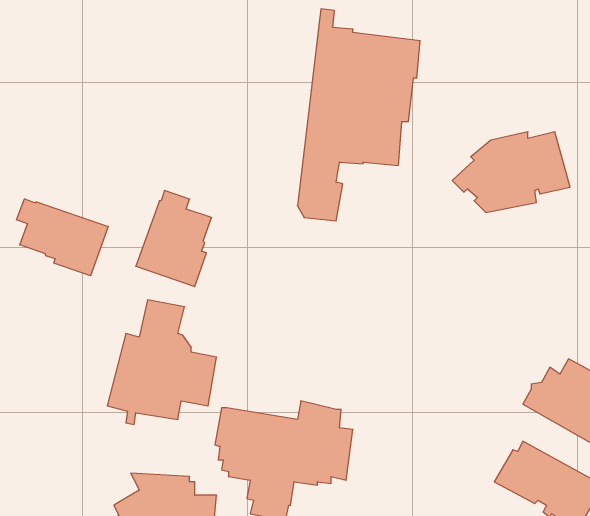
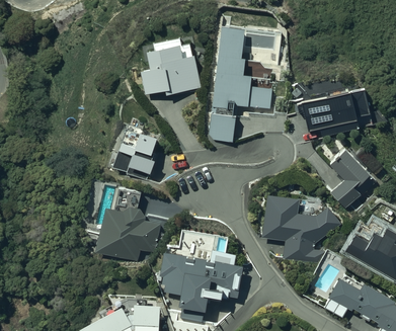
building: none -> [140,37,202,96]
building: [17,199,108,276] -> none
building: none -> [329,148,375,206]
building: none -> [261,196,340,262]

